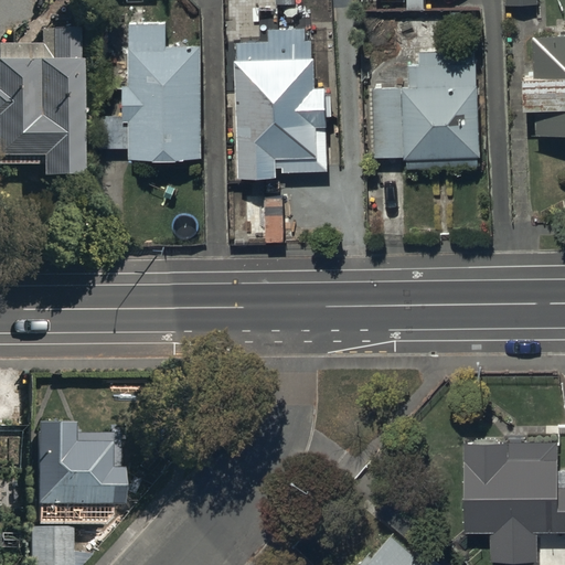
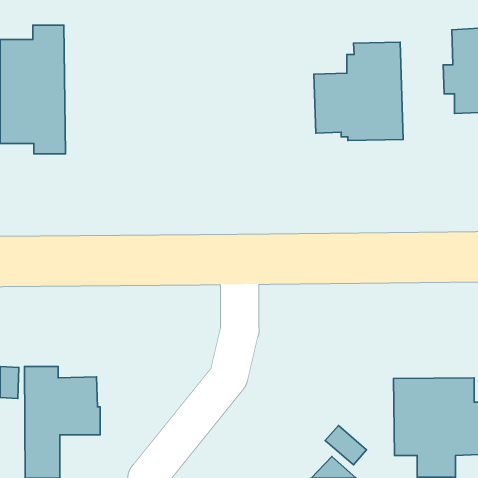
building: [96,22,202,159] -> none
building: [235,29,330,178] -> none

